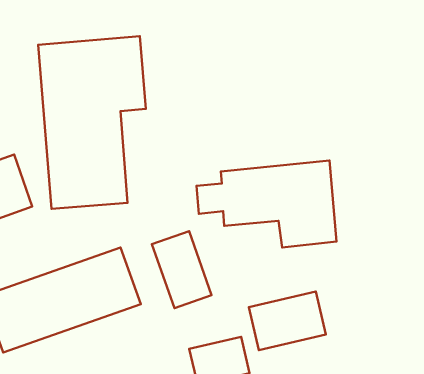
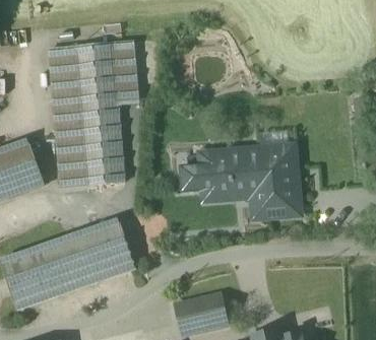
building: [152,231,212,308] -> none
building: [249,291,326,350] -> none

